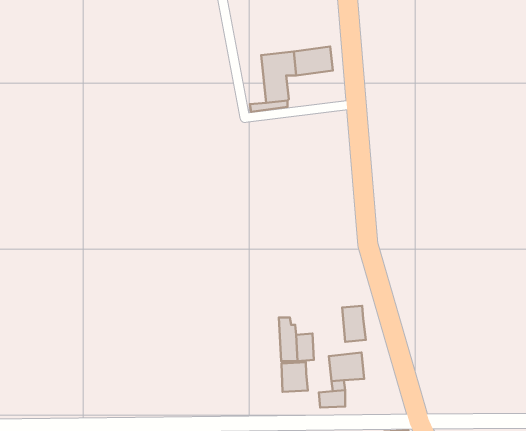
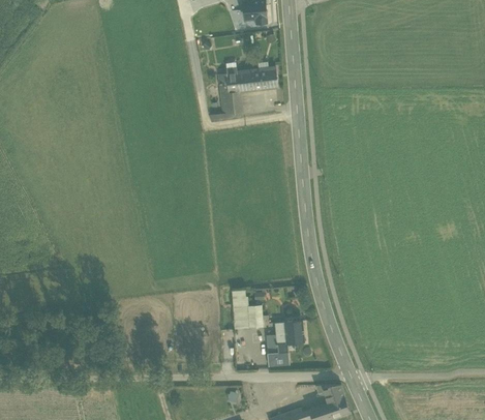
building: [342,306,366,342] -> none
building: [282,362,308,392] -> none

